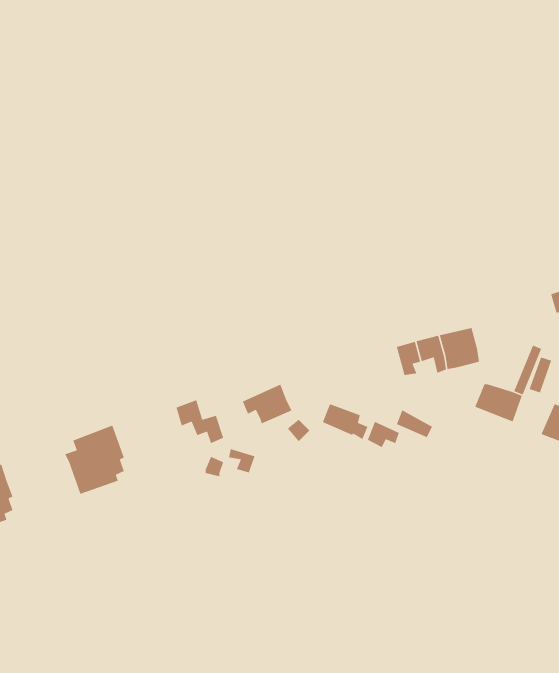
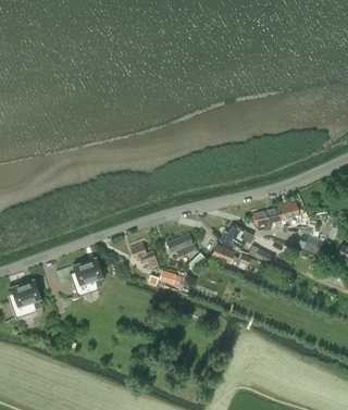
building: none -> [220,223,253,250]

